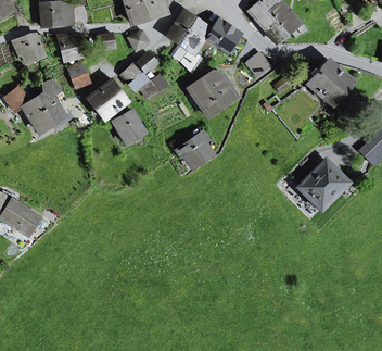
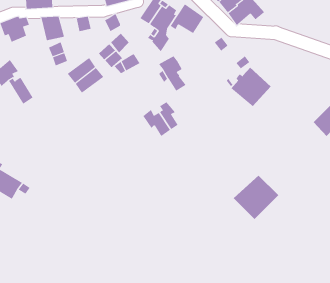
building: [306,61,352,105] -> [230,67,272,107]
building: [206,72,239,110] -> none
building: [37,79,64,124] -> none
building: [113,110,144,143] -> none
building: [297,161,348,211] -> [233,175,279,220]

